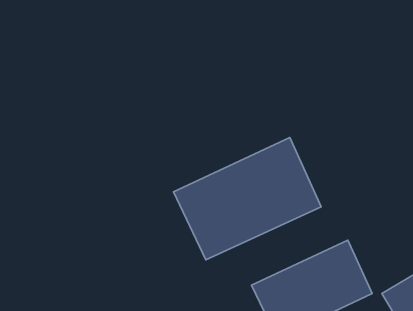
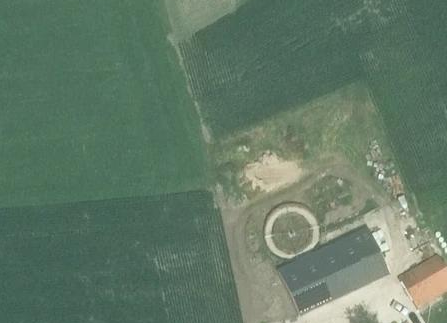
building: [173,138,321,260] -> none

